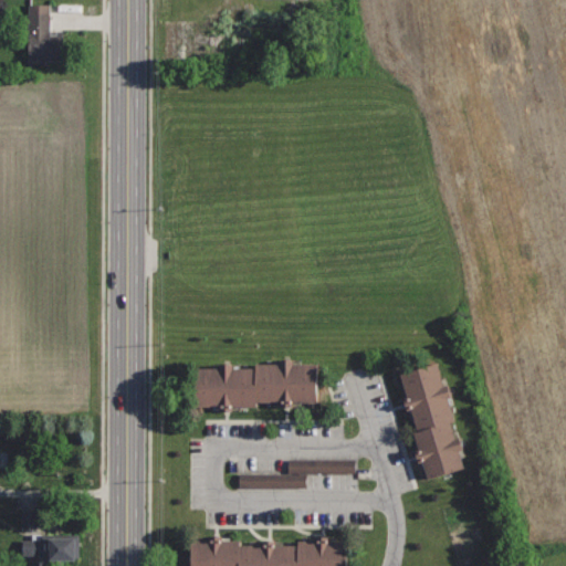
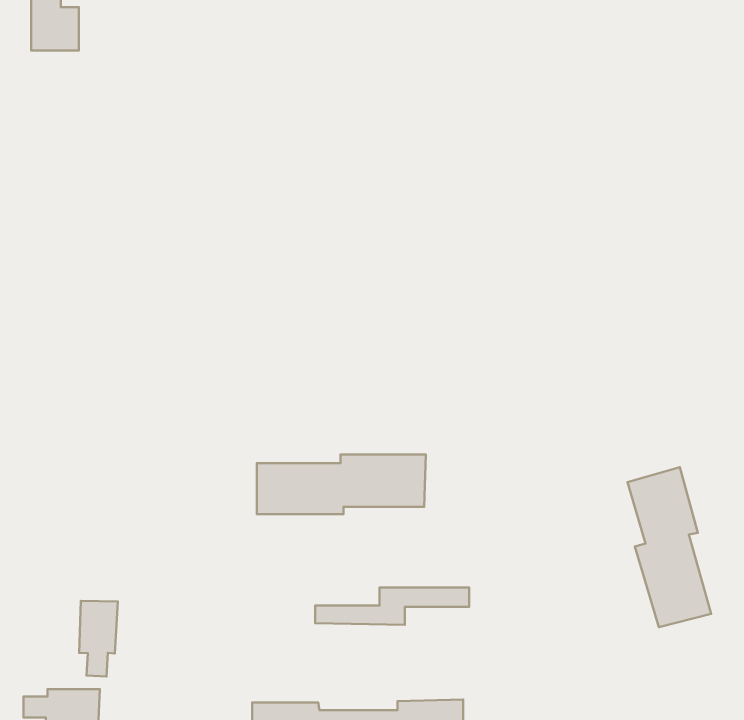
building: [401,361,463,480] -> [628,467,711,627]
building: none -> [79,601,118,677]

